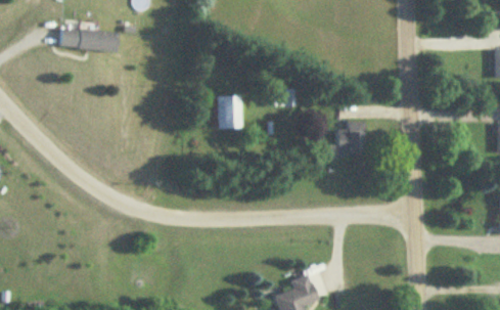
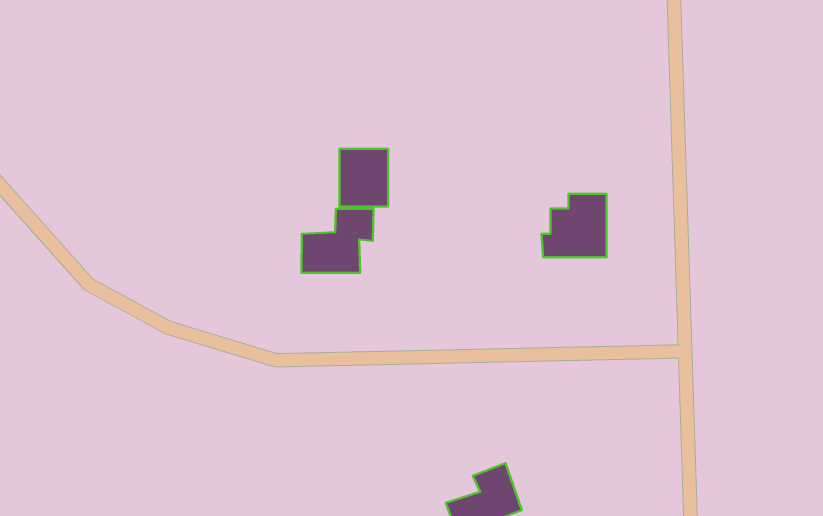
building: [60,28,120,51] -> none
building: none -> [302,209,374,273]

